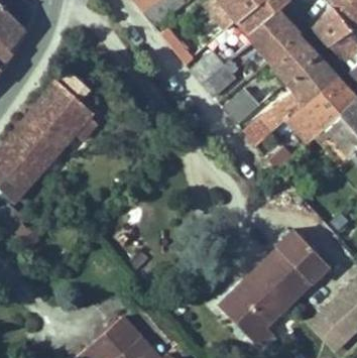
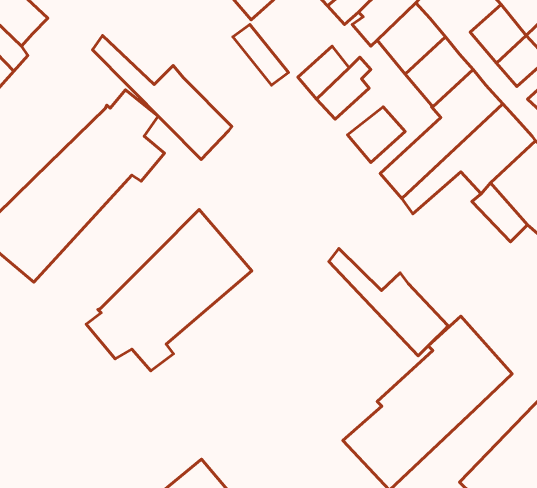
building: none -> [93,36,232,159]
building: none -> [86,210,252,371]
building: none -> [329,249,448,356]

